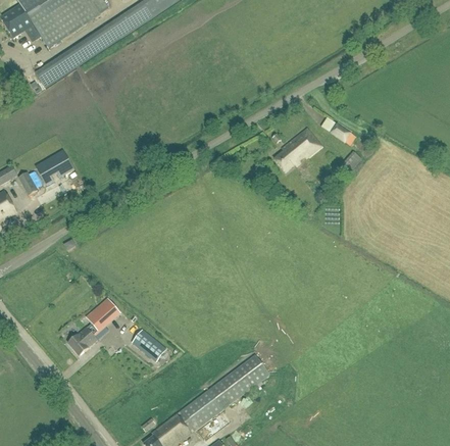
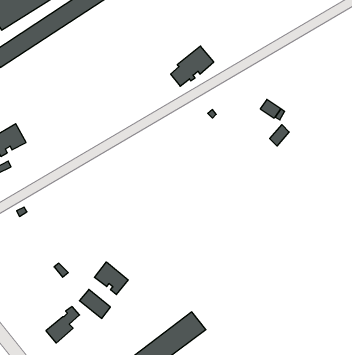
building: [273,128,320,171] -> [171,46,214,86]
building: none -> [94,262,128,295]
building: [67,315,104,355] -> [46,307,80,343]

